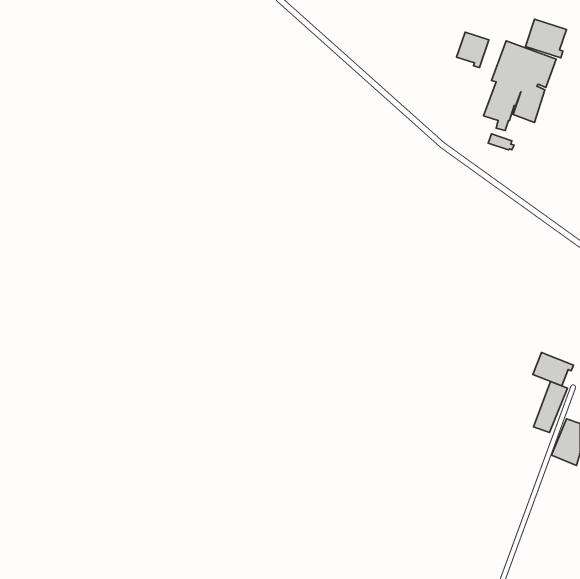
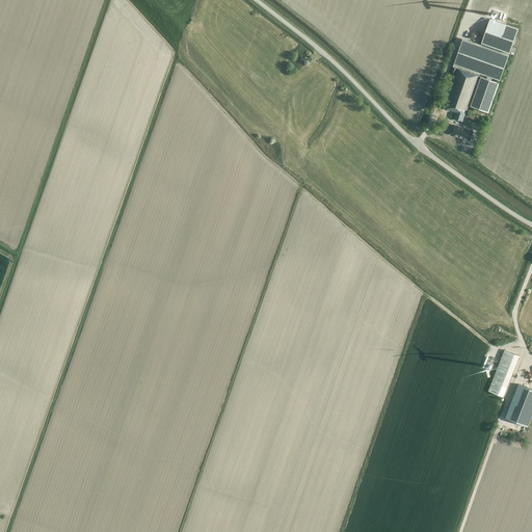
building: [457,32,489,68] -> none
building: [533,353,573,386] -> none

